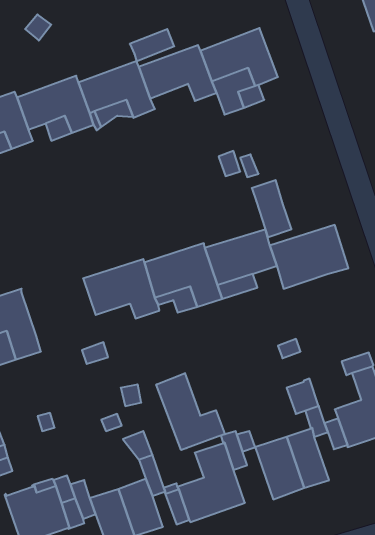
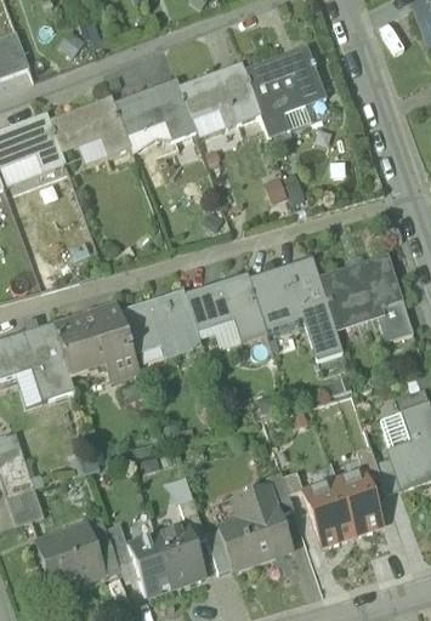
building: [130,29,174,61] -> [191,103,238,137]
building: [252,180,292,237] -> [300,297,342,358]
building: none -> [376,300,412,340]
building: none -> [53,304,138,378]
building: [156,373,225,450] -> none
building: [287,379,318,414] -> [381,411,415,449]

